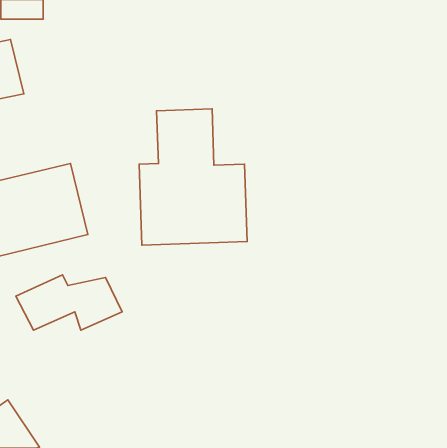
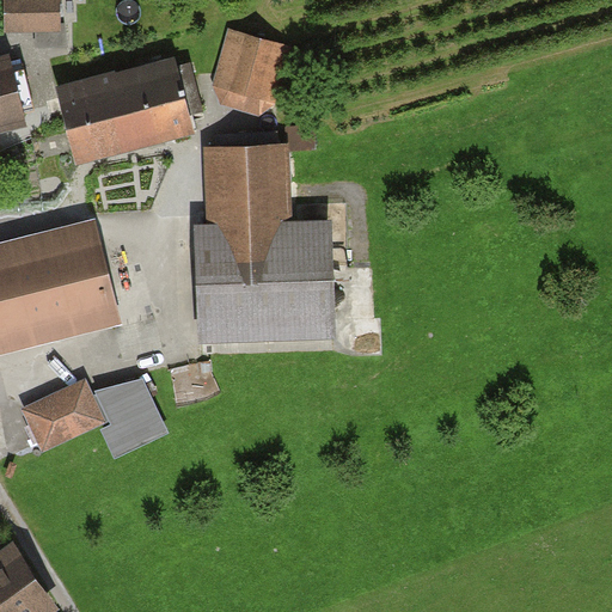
building: none -> [212,33,284,109]
building: none -> [55,62,186,167]

